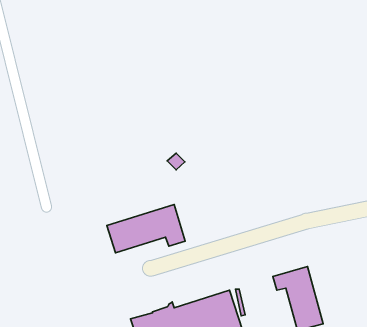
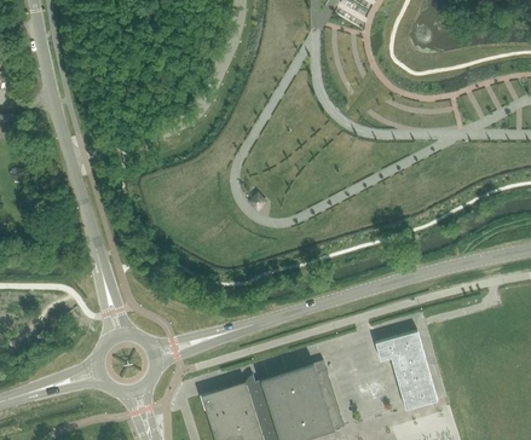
building: [107,204,185,253] -> none

